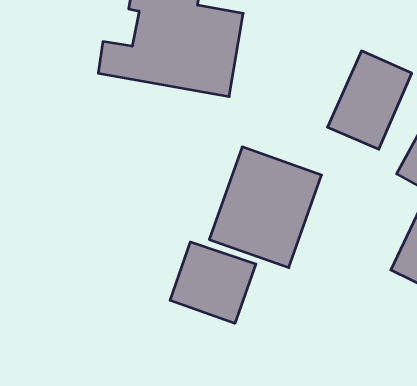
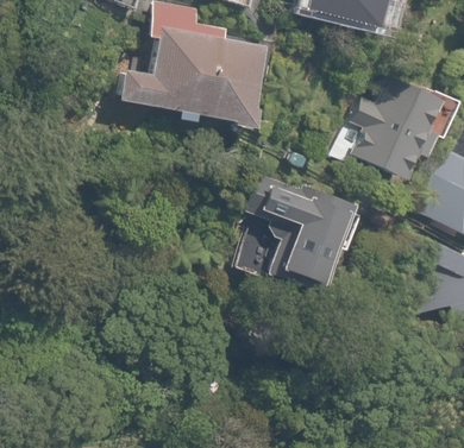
building: [170,242,256,323] -> none

